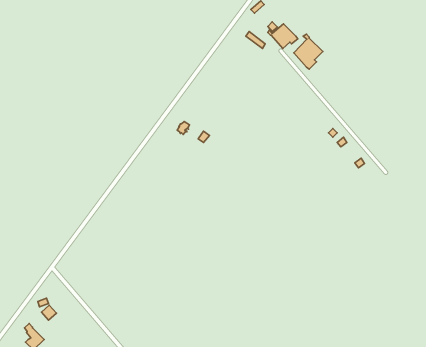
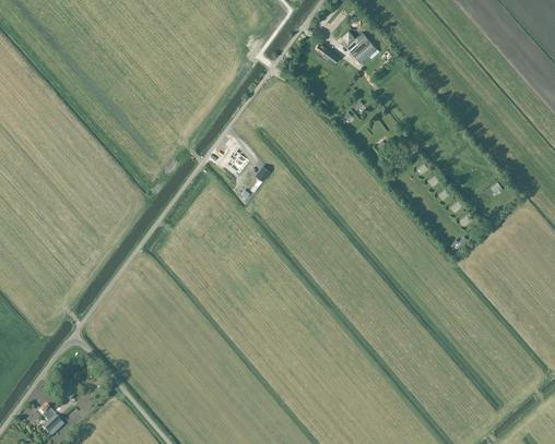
building: [294,34,323,69] -> none

